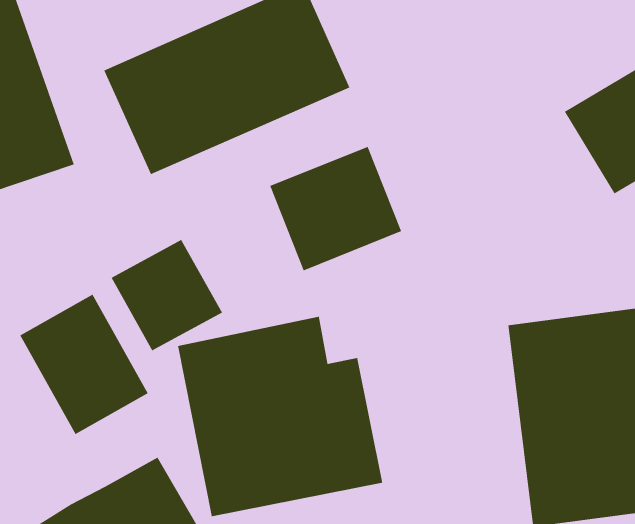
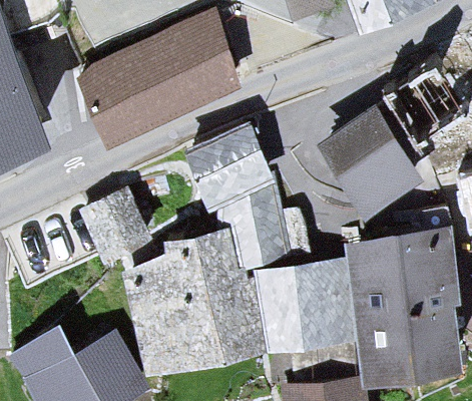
building: none -> [321,116,419,223]
building: none -> [220,183,291,267]
building: [19,293,149,435] -> none
building: none -> [260,262,338,350]

